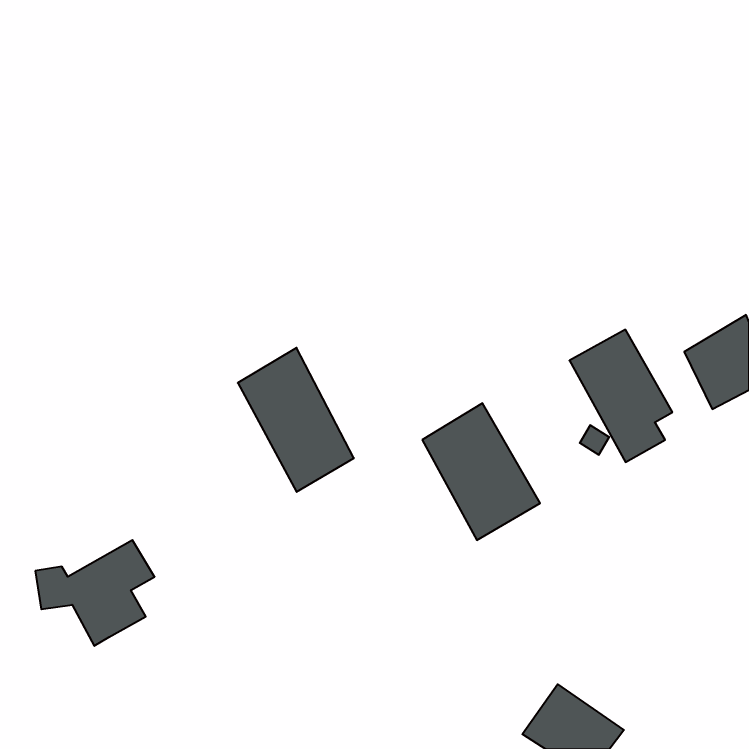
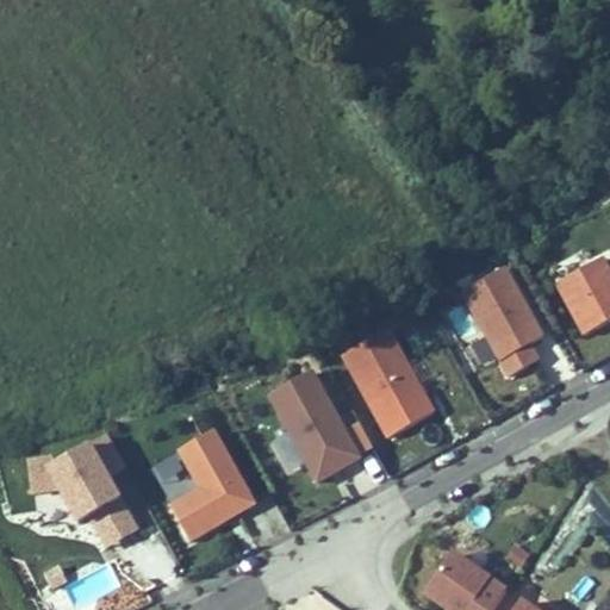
building: [238,348,354,492] -> [267,367,361,484]
building: none -> [169,429,256,542]
building: none -> [88,499,136,547]

